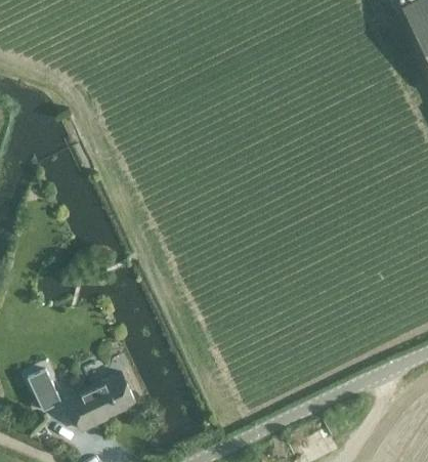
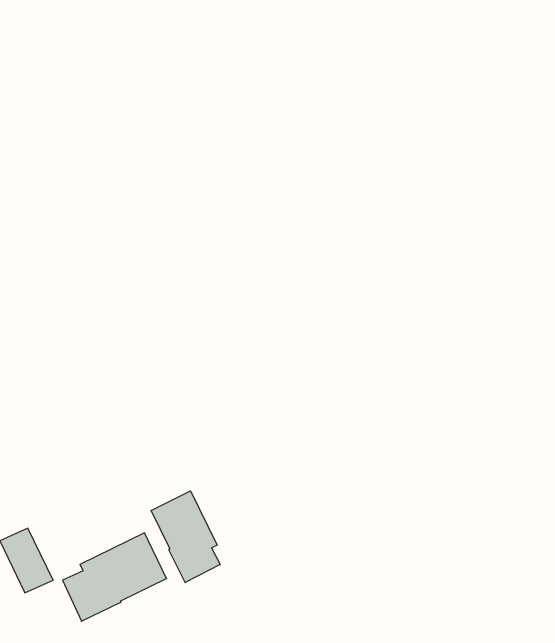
building: none -> [151,491,220,583]

